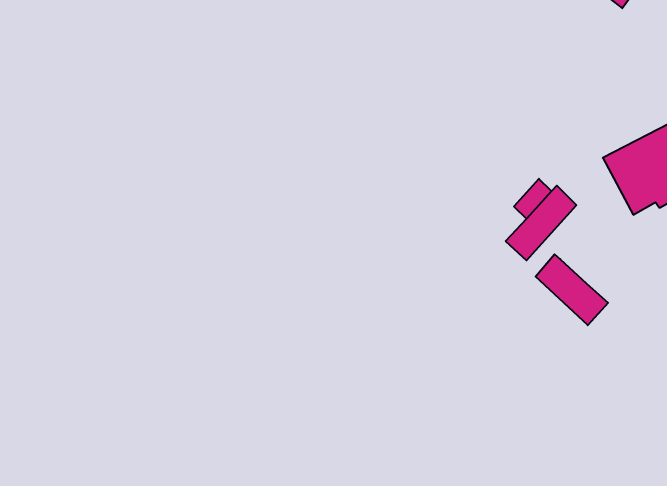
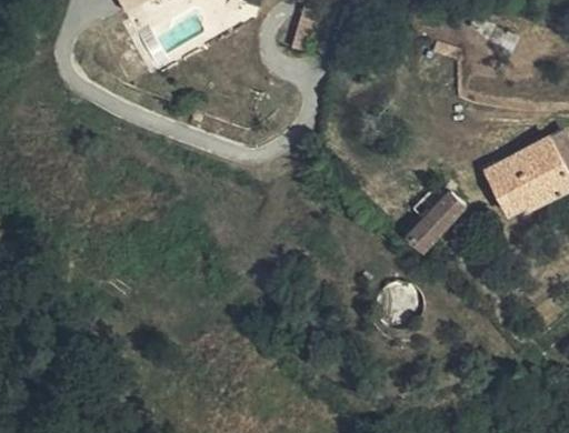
building: [536,254,608,325] -> none

